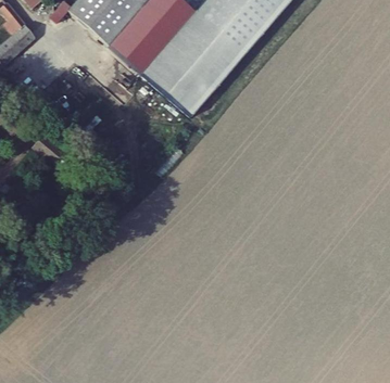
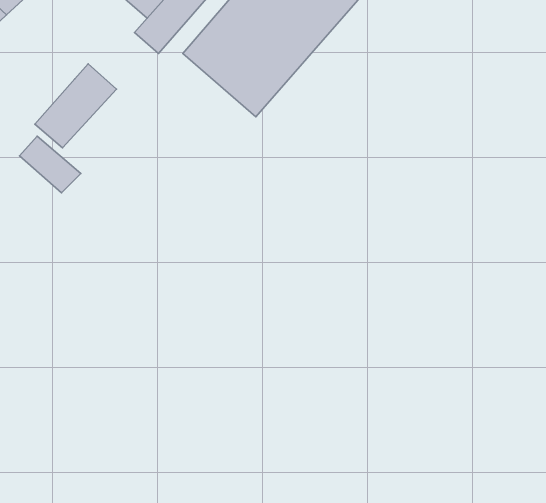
building: none -> [35,64,116,148]

